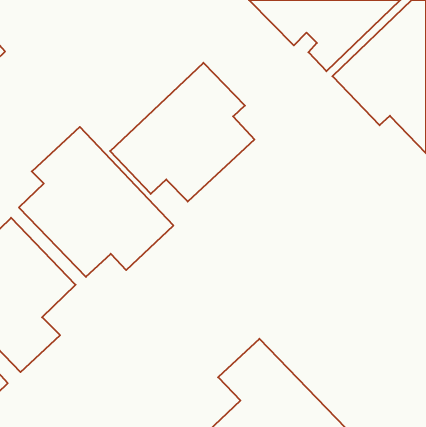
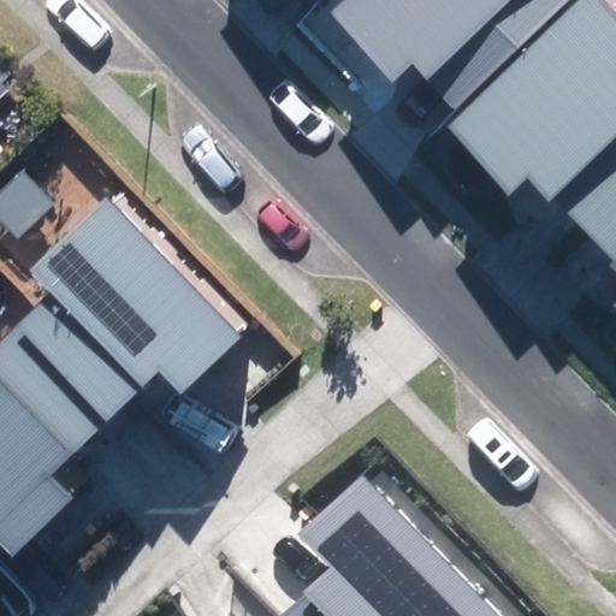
building: [110,63,254,202] -> none

